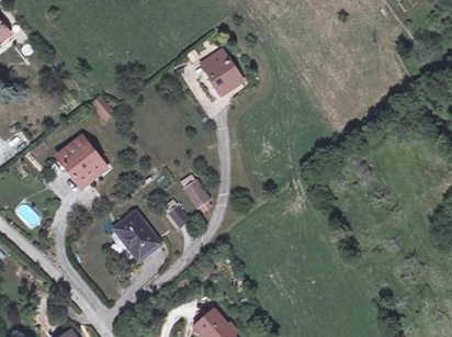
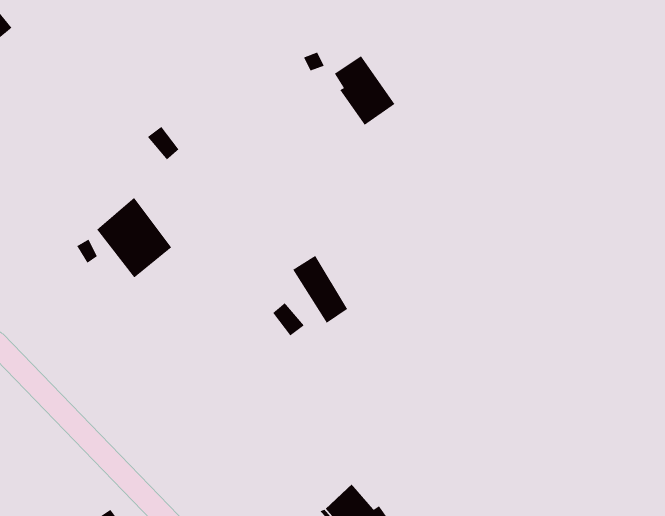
building: [115,211,156,254] -> none

